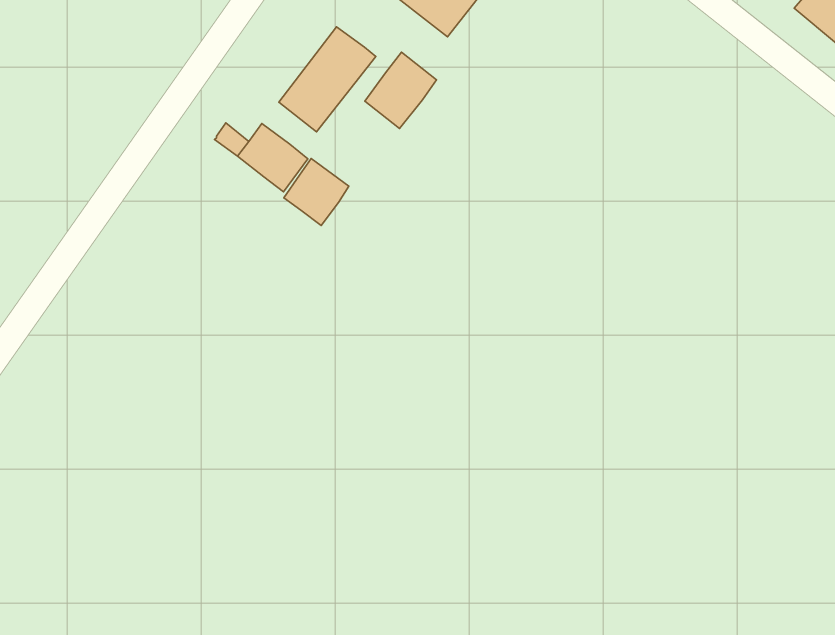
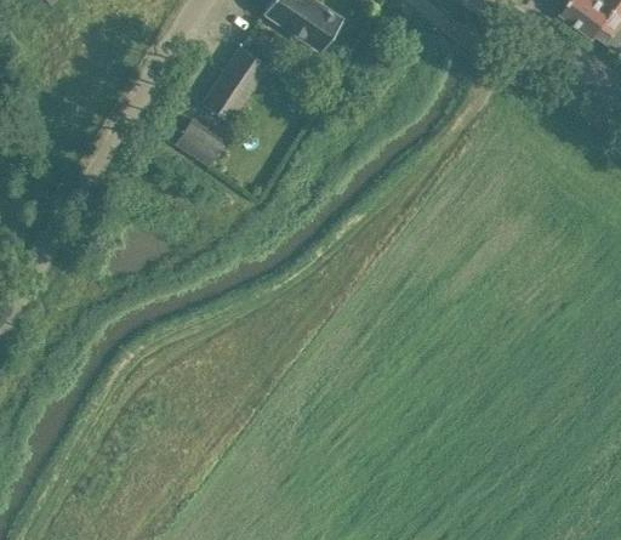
building: [365,52,437,129] -> none
building: [284,158,349,225] -> none

